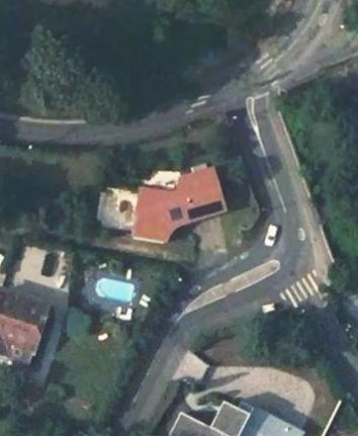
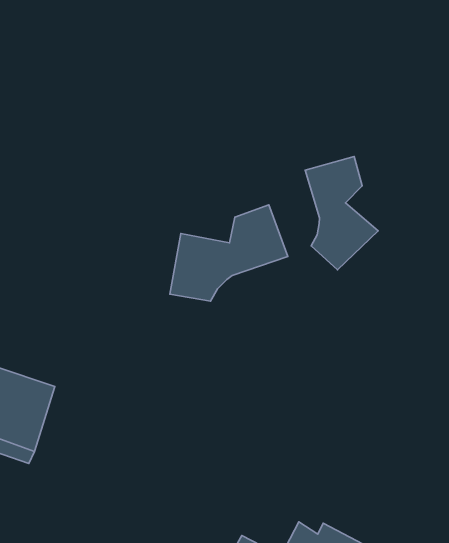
building: none -> [305,157,378,270]

